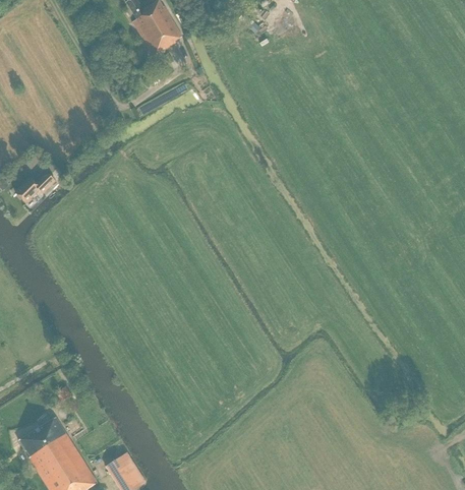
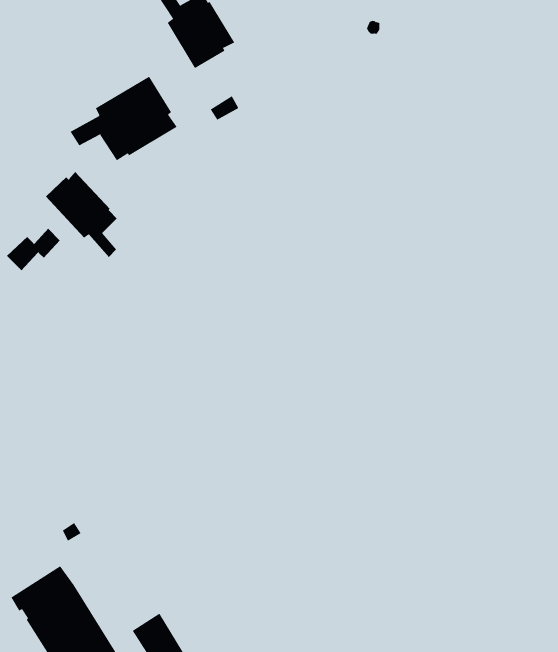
building: none -> [70,76,178,161]
building: none -> [45,171,118,258]

